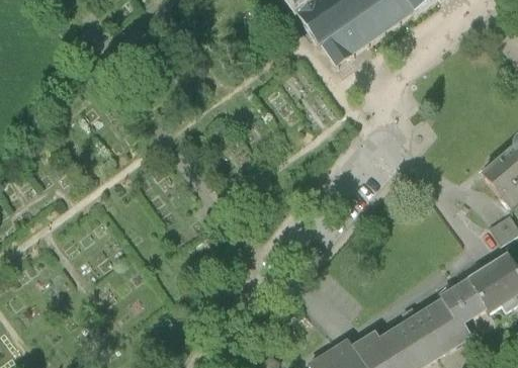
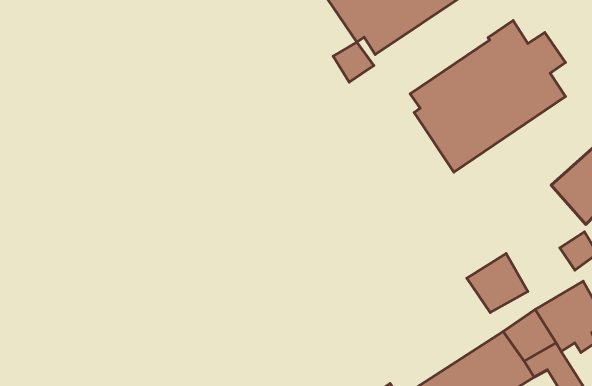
building: none -> [410,20,566,172]
building: none -> [333,42,374,82]
building: none -> [467,253,528,312]

